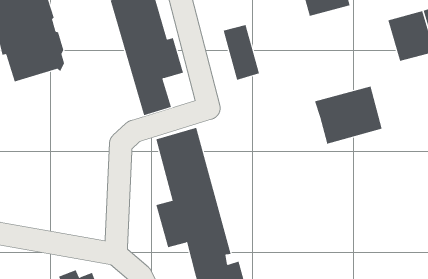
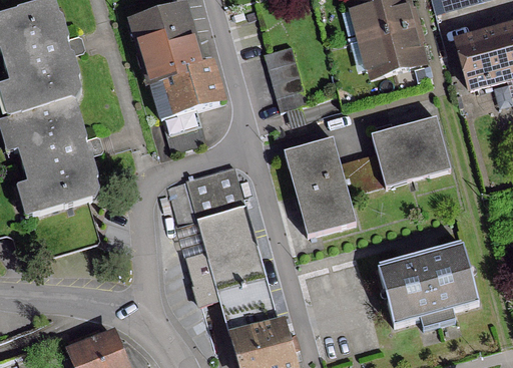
building: none -> [364,23,422,73]
building: none -> [10,97,98,213]
building: none -> [285,137,384,235]
building: none -> [377,244,478,328]

